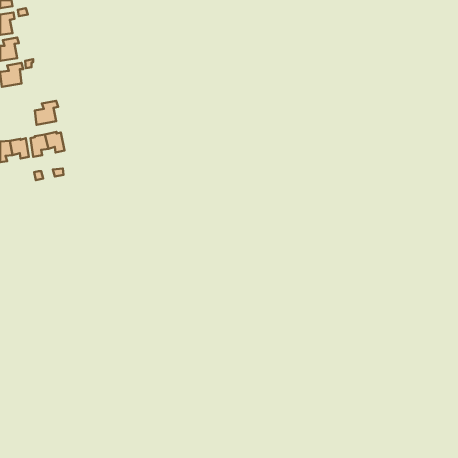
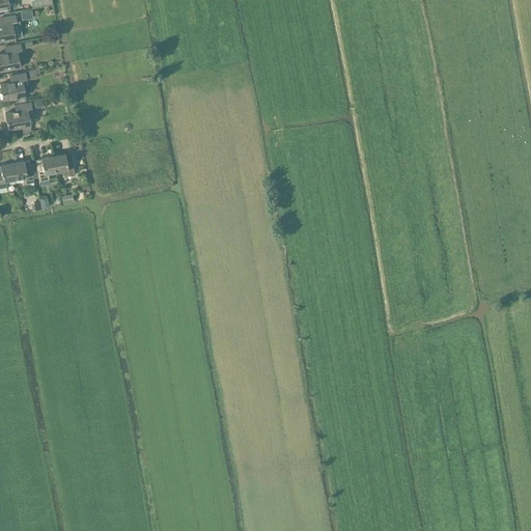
building: [35,101,58,125] -> [5,102,32,130]

